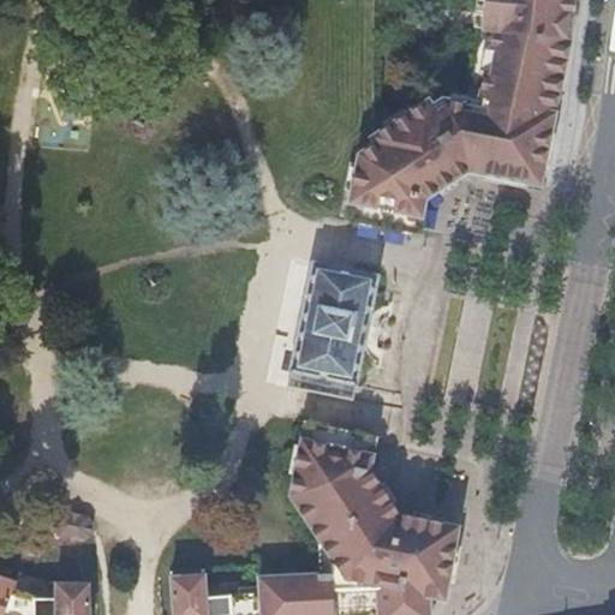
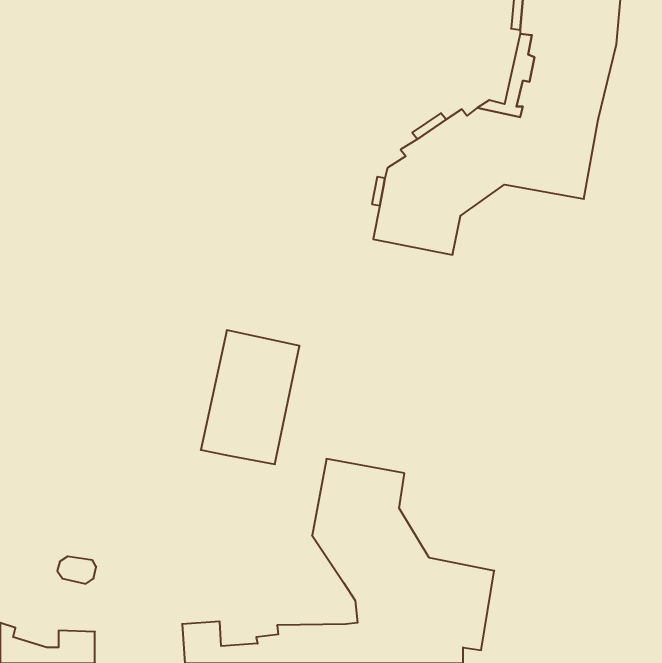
building: [289,263,381,387] -> [201,330,300,464]

